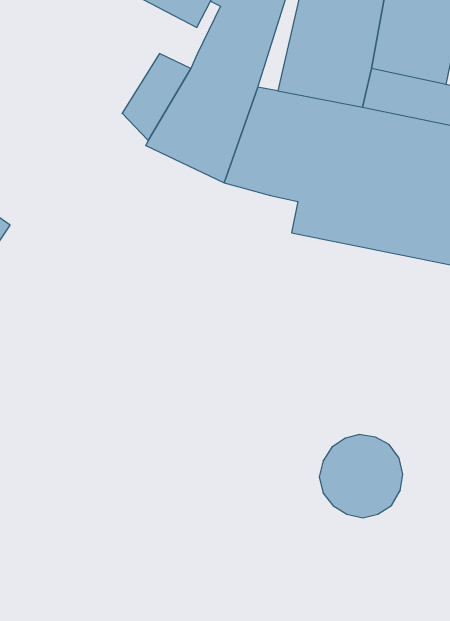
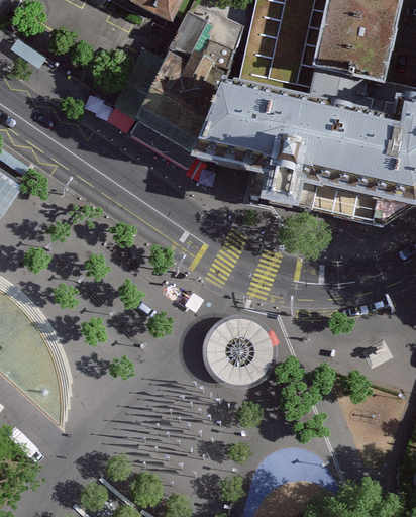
building: [319,435,403,518] -> [208,317,276,385]

